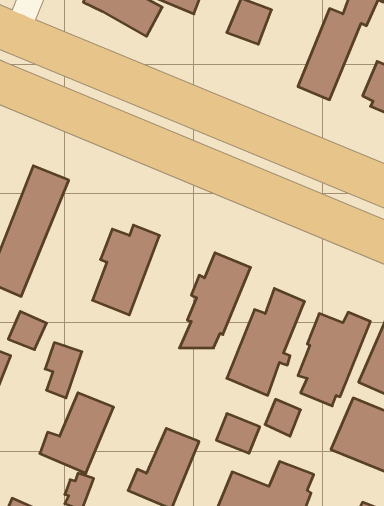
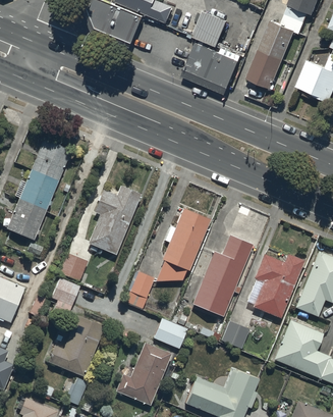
building: none -> [180,42,237,93]
building: [8,311,47,350] -> [57,252,87,281]
building: none -> [124,270,154,309]
building: [216,414,260,453] -> [153,318,186,349]

